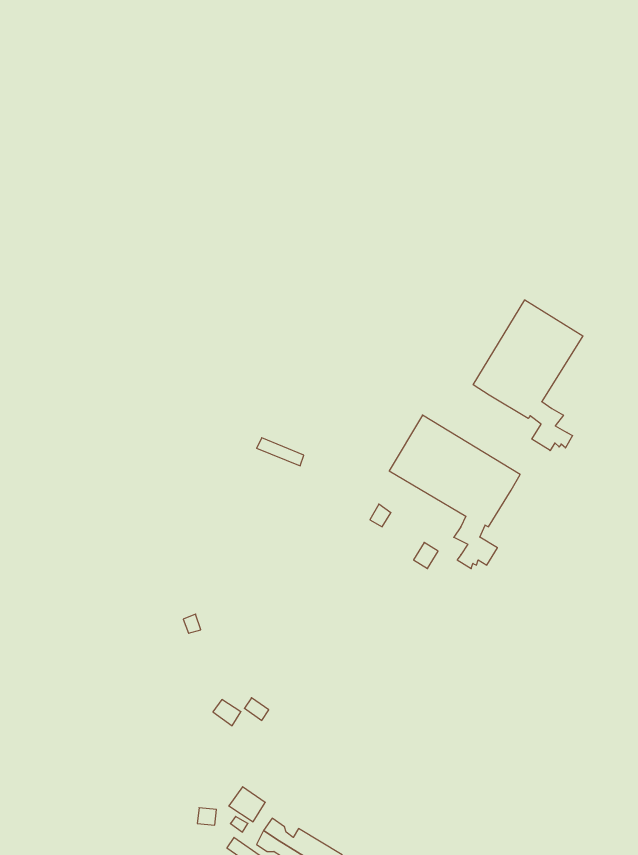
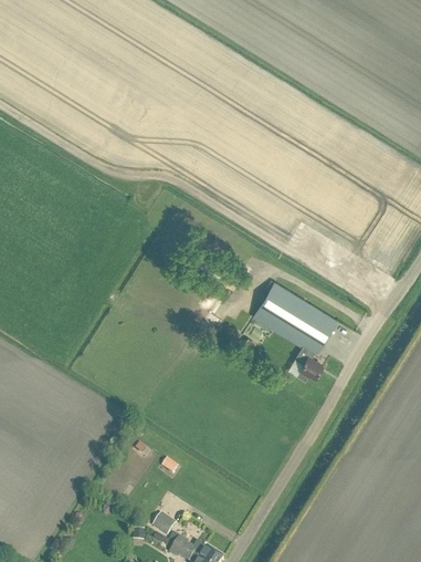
building: [473,300,583,451] -> none

